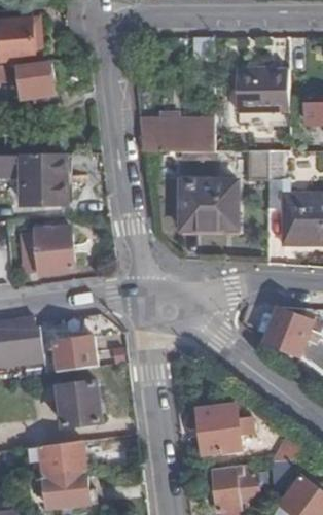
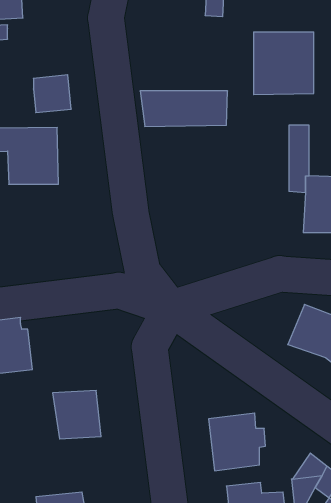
building: [21,64,53,97] -> [33,75,71,113]
building: [178,180,237,230] -> none
building: [23,229,75,274] -> none
building: [55,337,97,371] -> none
building: [41,441,85,476] -> none

